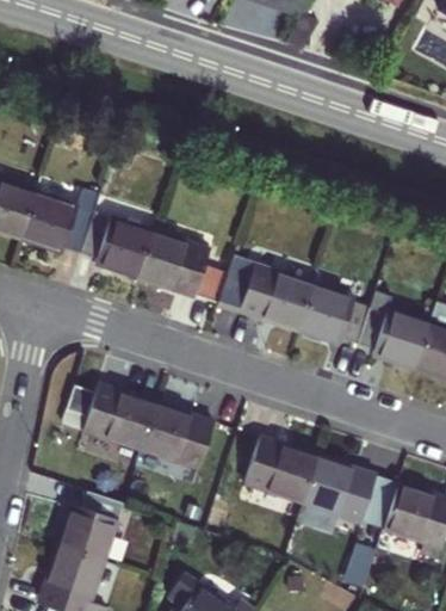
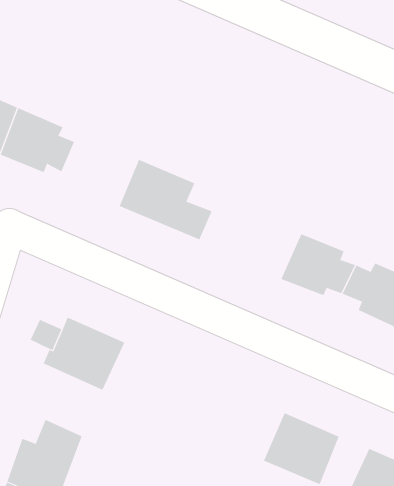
building: [82,216,154,277] -> none
building: [239,266,315,332] -> none
building: [141,406,212,473] -> none
building: [240,439,315,506] -> none

